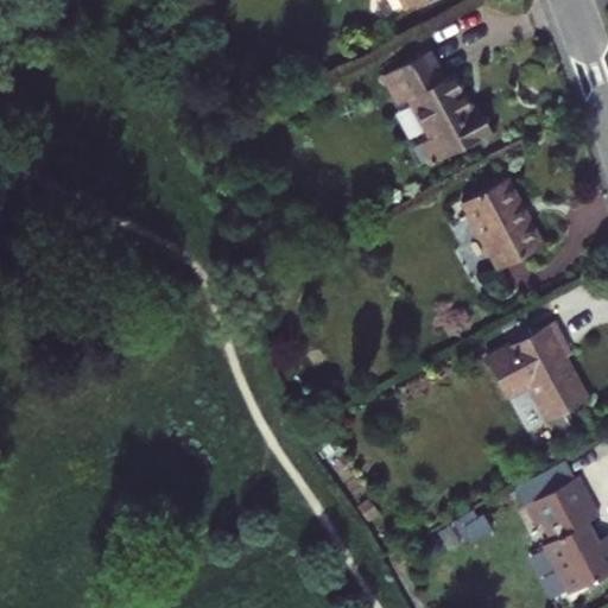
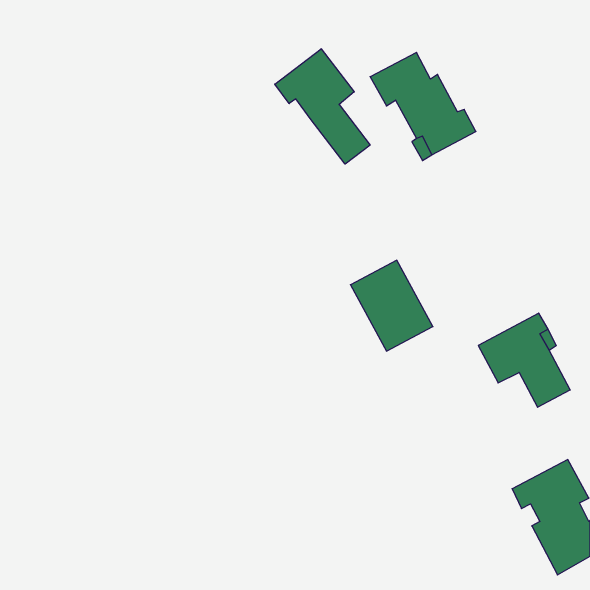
building: none -> [275,49,370,164]
building: [464,177,549,270] -> [350,260,433,351]

